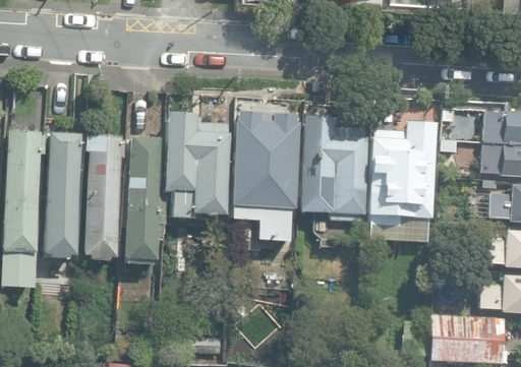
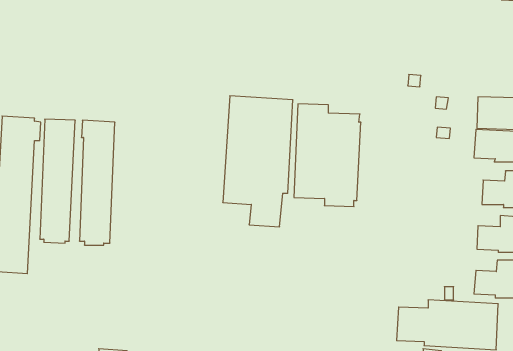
building: [164,113,231,218] -> none
building: [367,122,436,243] -> none
building: [125,136,166,264] -> none

